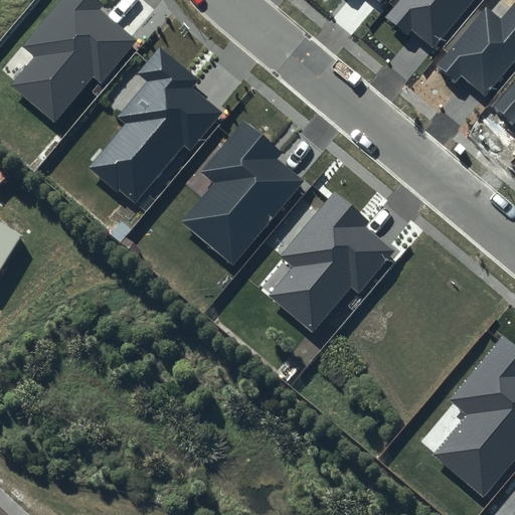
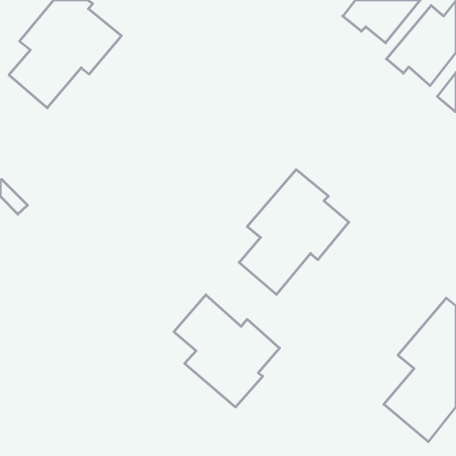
building: [89,48,222,204] -> none
building: [183,121,304,264] -> none
building: none -> [174,295,280,407]

